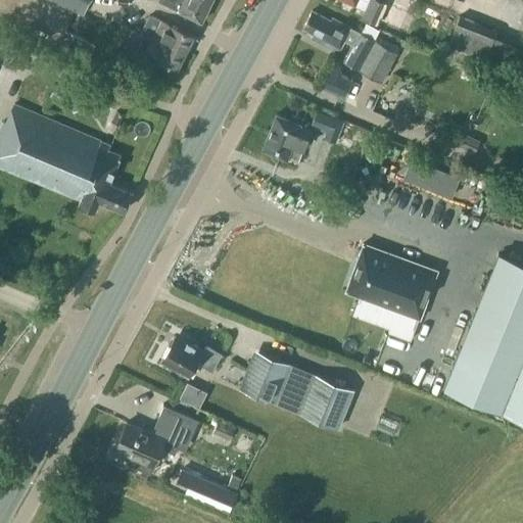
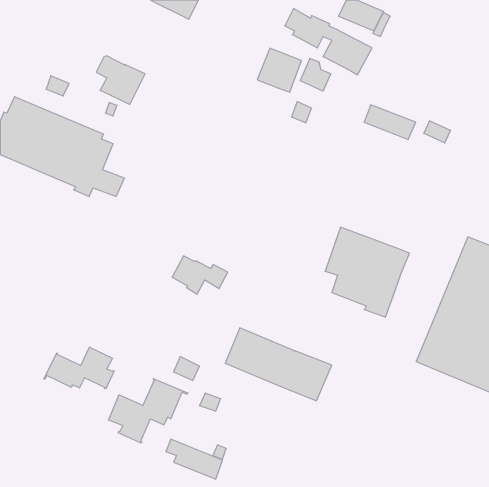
building: [143,17,195,69] -> [96,56,145,105]
building: [449,18,497,62] -> none
building: [265,116,312,163] -> [257,48,301,92]
building: [406,161,461,198] -> [364,105,416,139]
building: [162,338,222,379] -> [172,256,228,294]
building: none -> [44,347,114,389]

